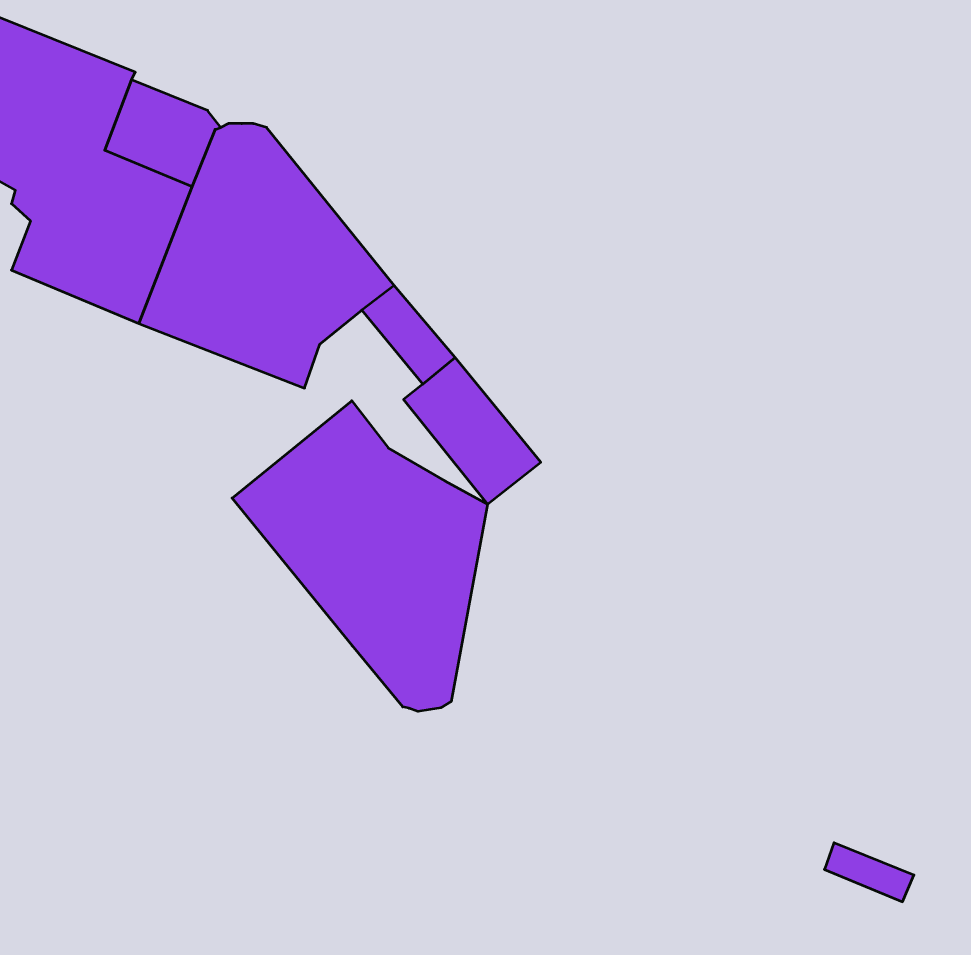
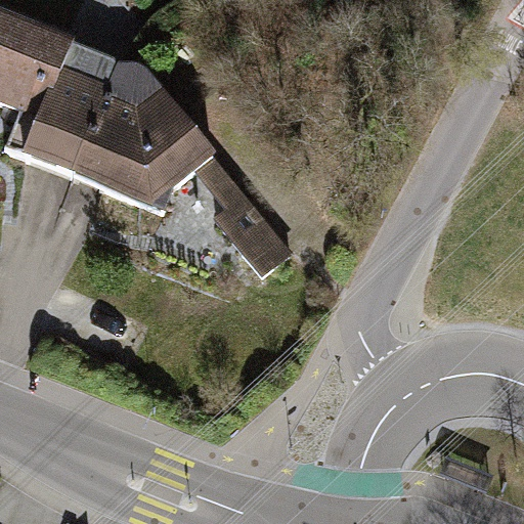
building: [232,401,487,711] -> none

